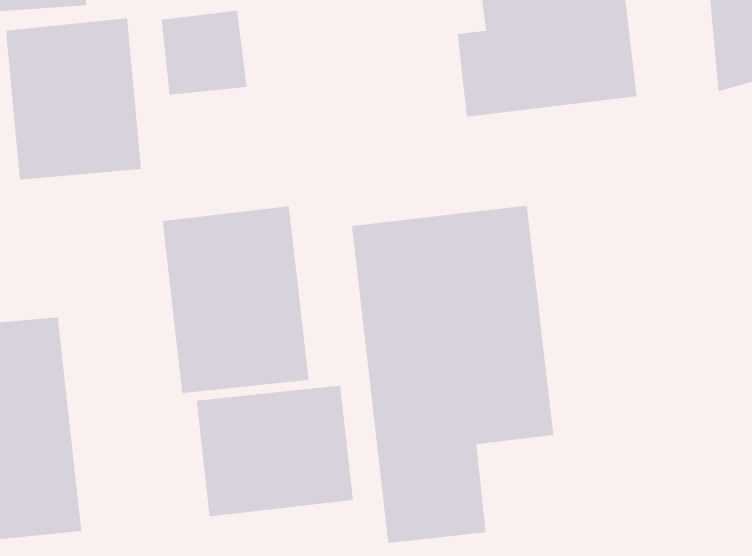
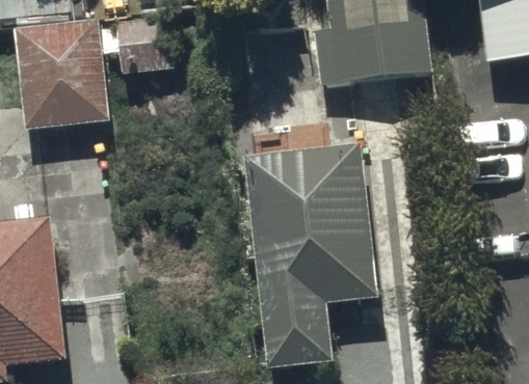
building: [162,206,309,394] -> none
building: [196,385,353,517] -> none

